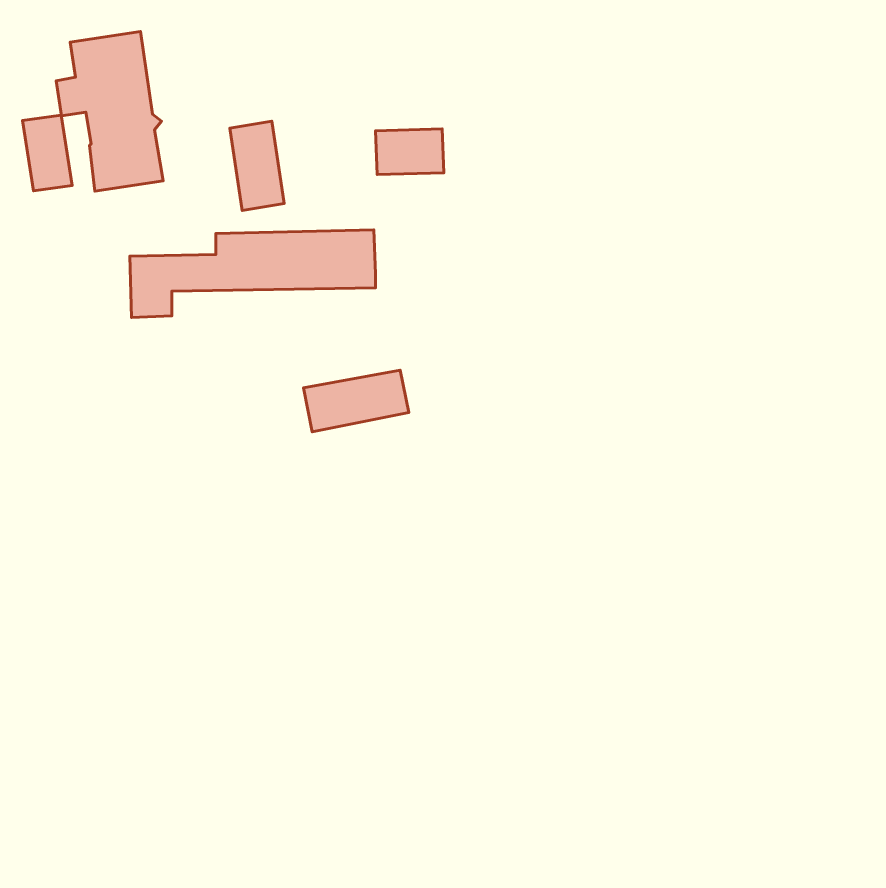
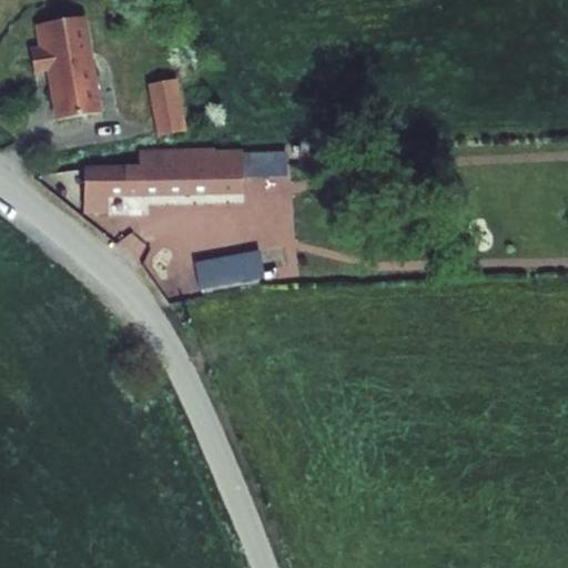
building: [23,115,72,191] -> none
building: [375,129,444,175] -> [236,150,280,179]

